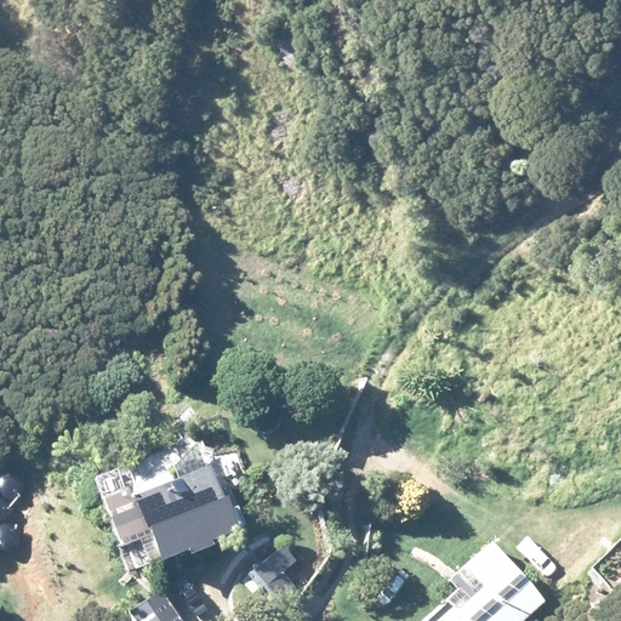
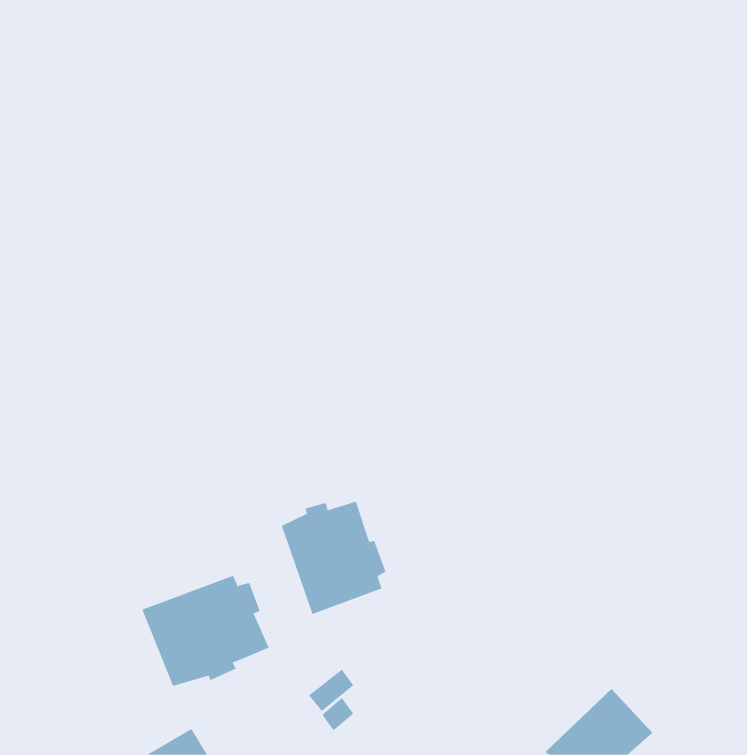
building: none -> [281,501,386,615]

